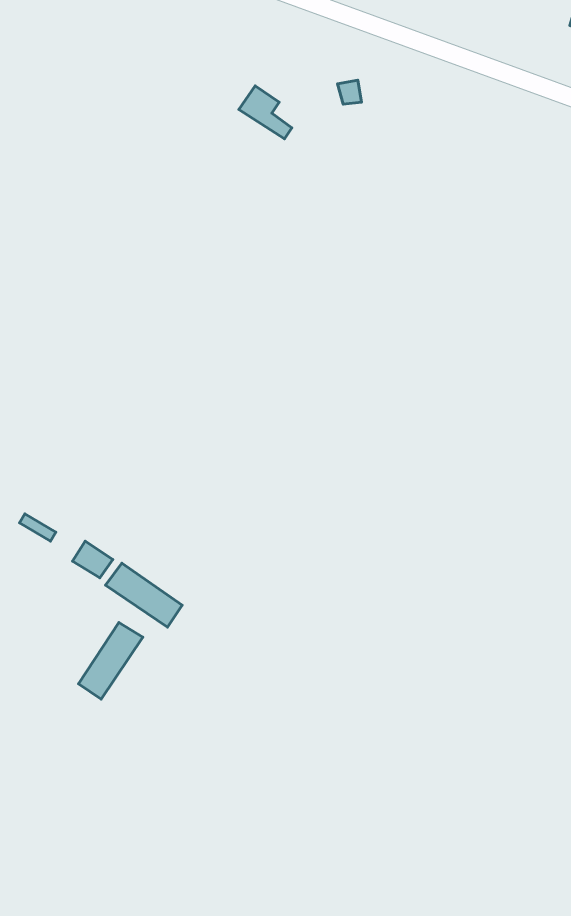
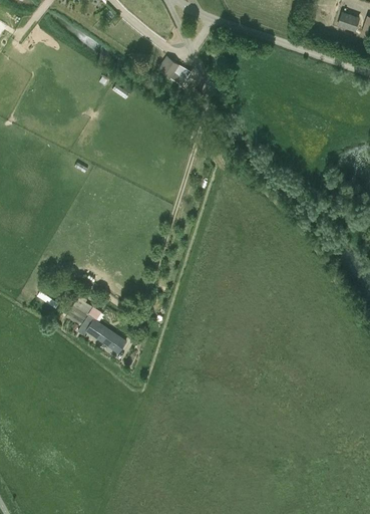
building: [79,622,143,699] -> none

